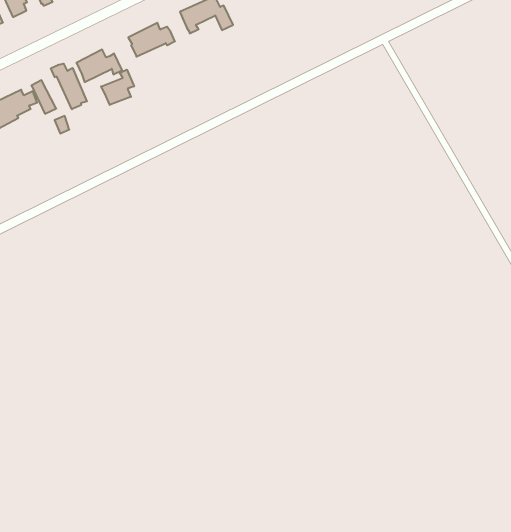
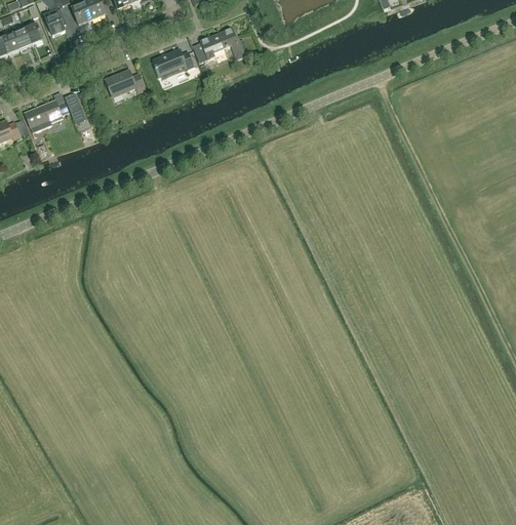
building: [51,64,87,109] -> none
building: [101,70,134,105] -> none

